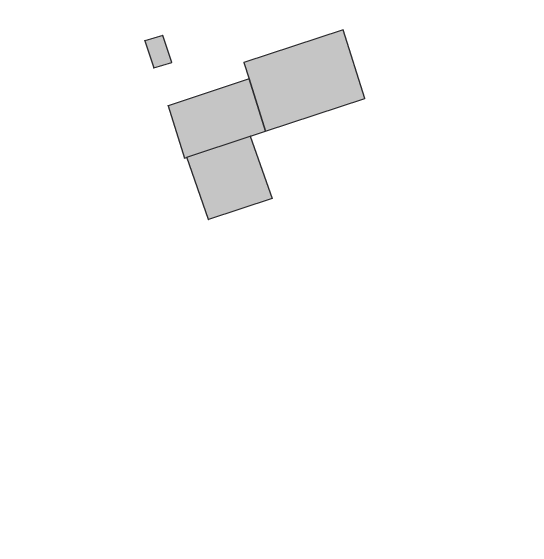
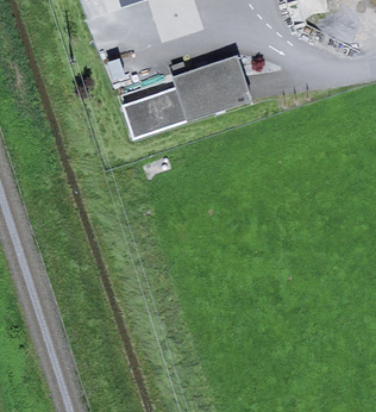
building: [187,136,272,220] -> none

